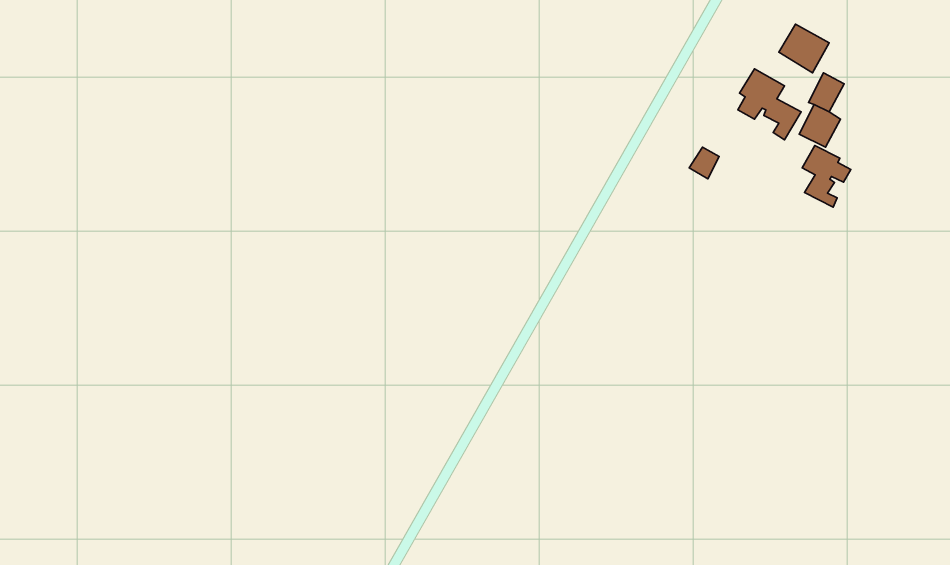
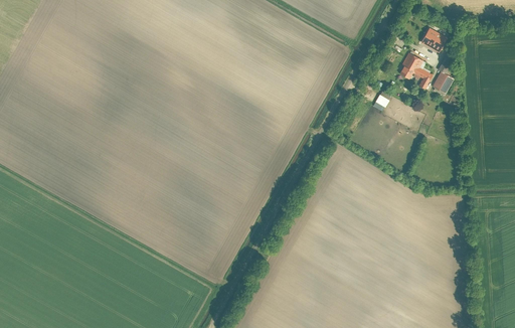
building: [802,145,851,207] -> none

